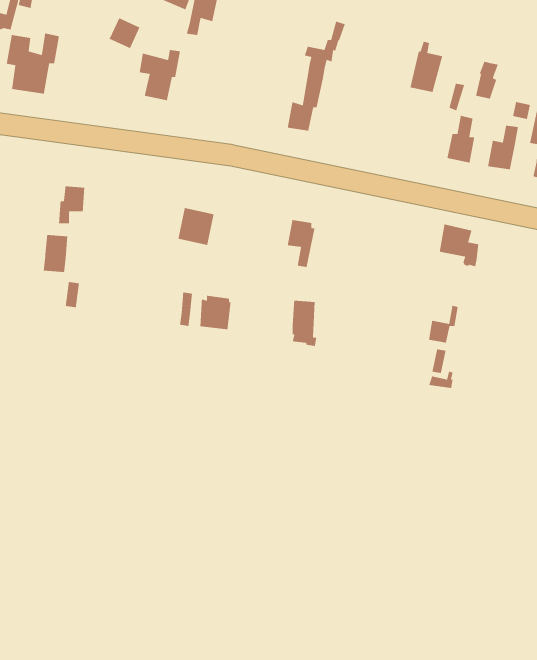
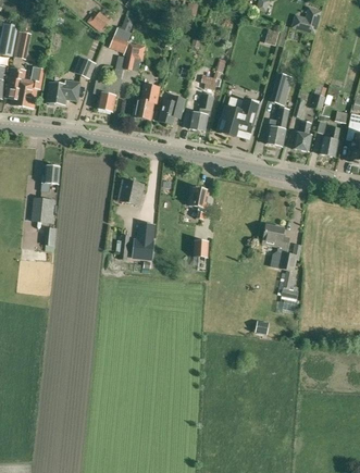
building: none -> [47,80,79,103]
building: none -> [134,83,159,119]
building: none -> [158,95,186,124]
building: none -> [216,98,259,135]
building: none -> [264,114,287,146]
building: [439,223,479,267] -> [262,224,288,252]

